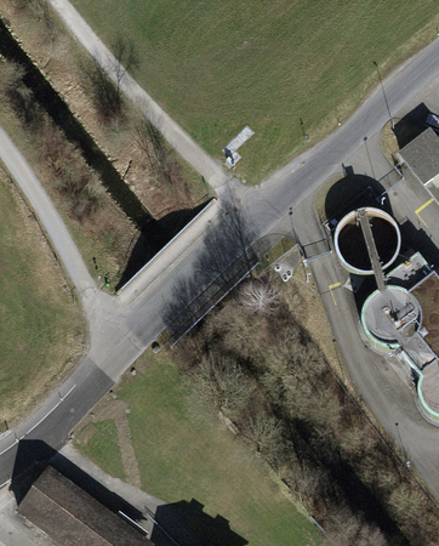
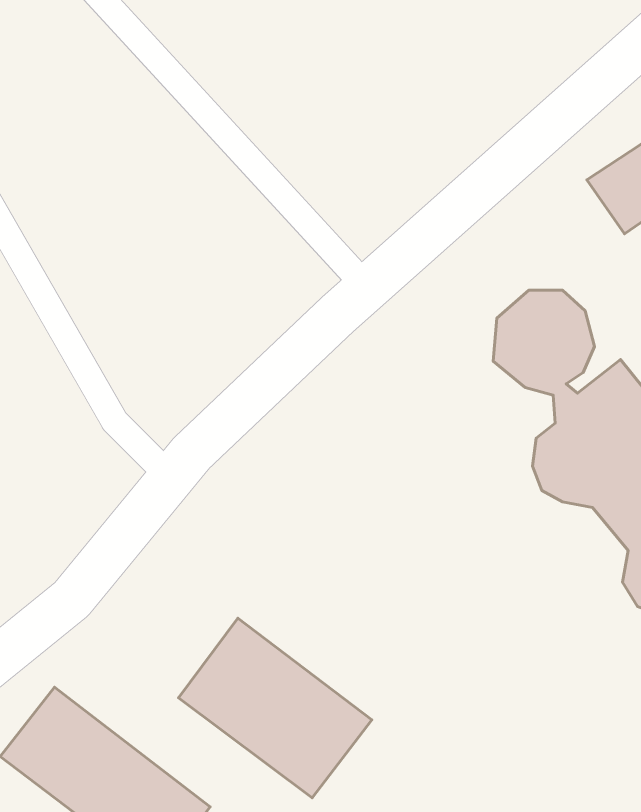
building: none -> [178,618,372,798]

